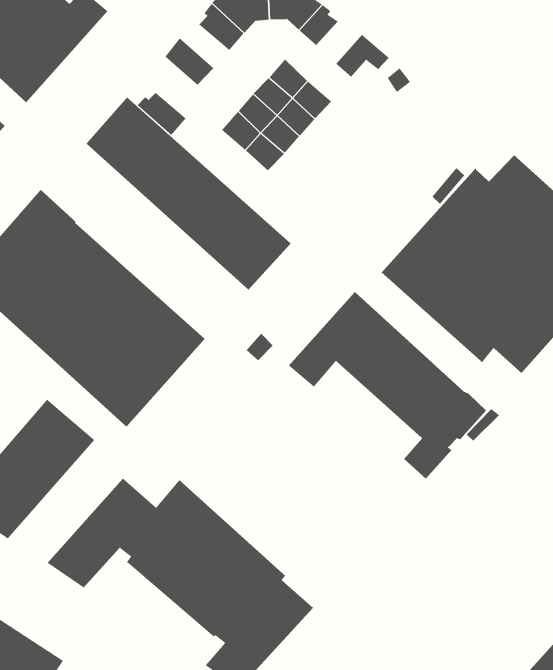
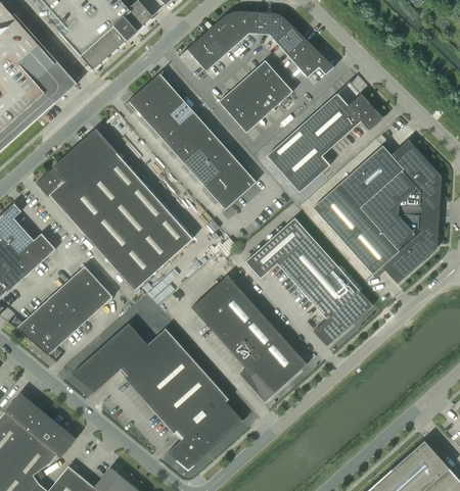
building: none -> [286,40,317,67]
building: [137,92,187,136] -> [197,32,229,61]
building: none -> [266,94,381,192]
building: none -> [190,275,307,401]

